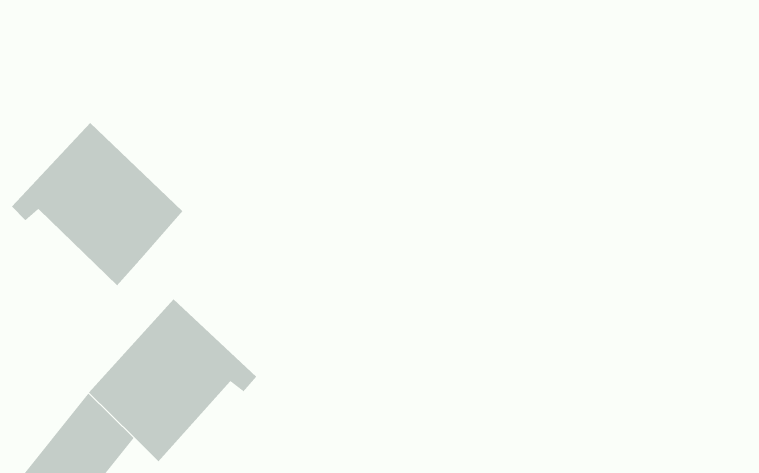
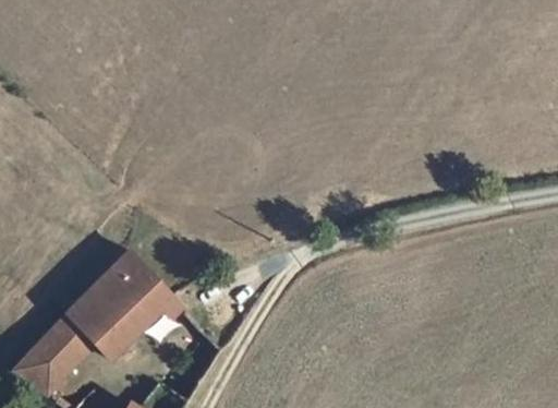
building: [11,122,183,286] -> none

